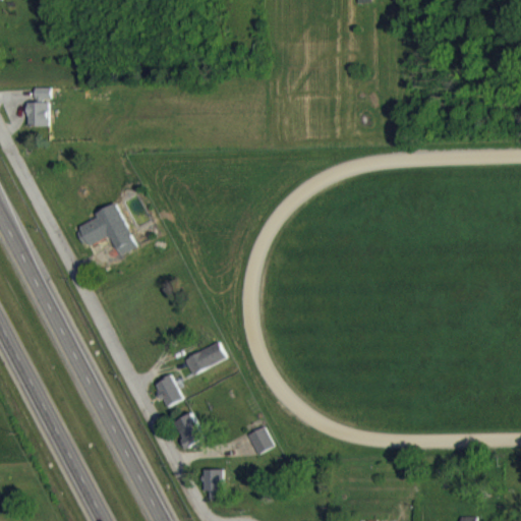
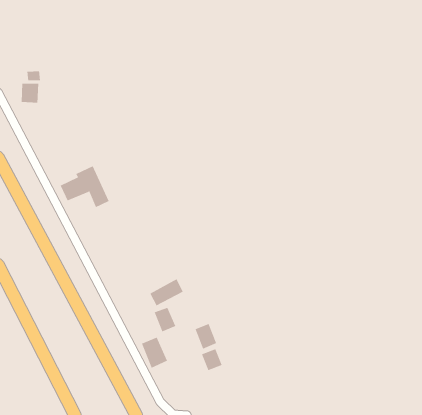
building: [154,375,181,406] -> [154,307,176,332]
building: none -> [195,323,217,349]
building: [202,469,223,499] -> none

